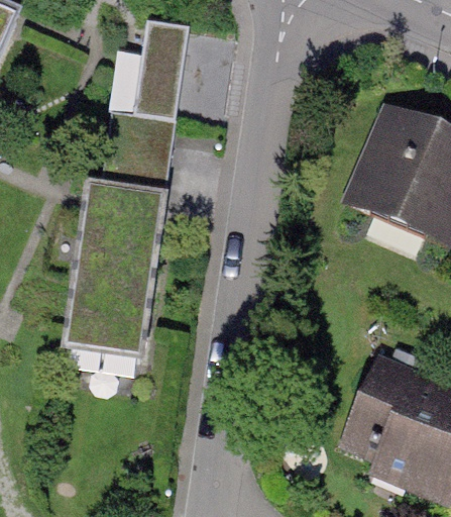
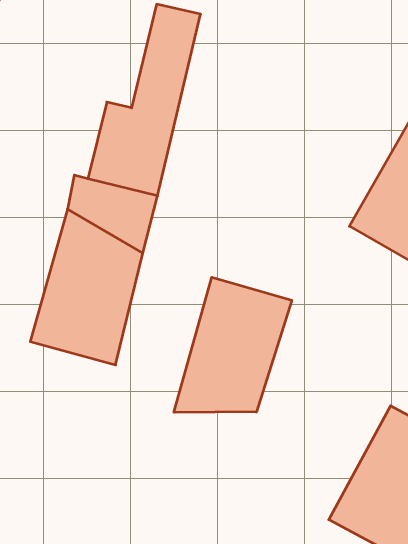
building: none -> [174,277,292,412]

